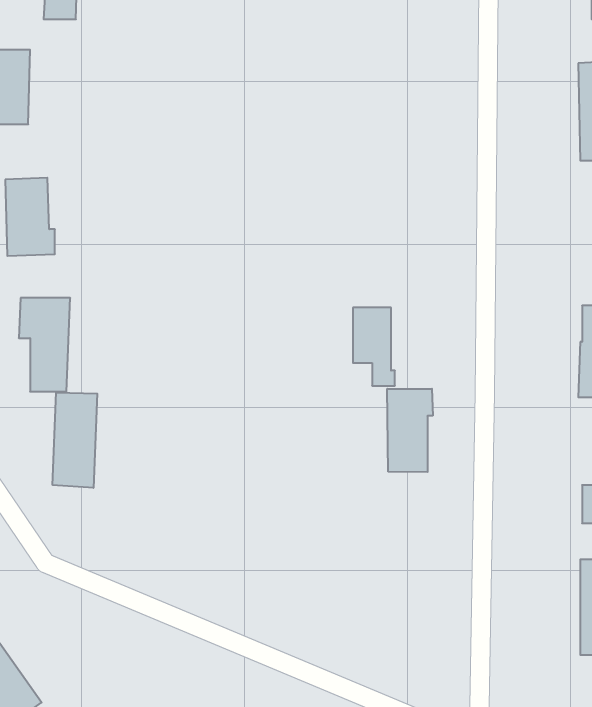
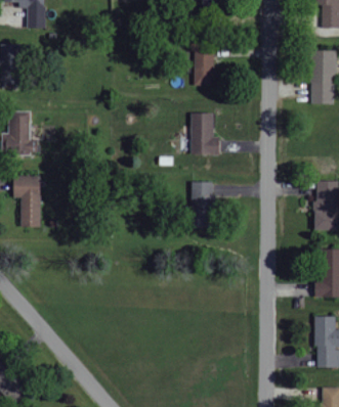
building: none -> [194,51,215,85]
building: none -> [189,111,220,153]
building: [387,389,433,472] -> none
building: [53,393,97,488] -> none

